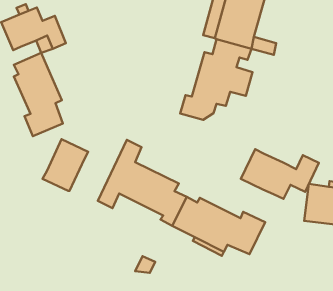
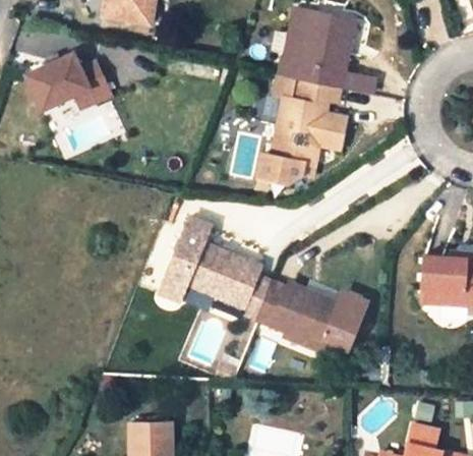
building: [14,53,63,136] -> none
building: [43,139,88,191] -> none
building: [241,149,319,199] -> none

